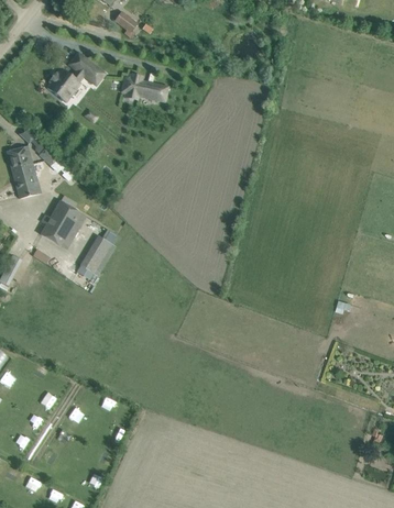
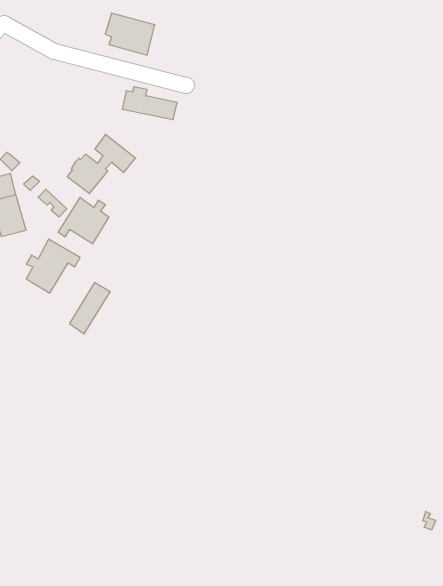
building: [46,52,103,101] -> [67,134,136,194]
building: none -> [58,197,109,244]

